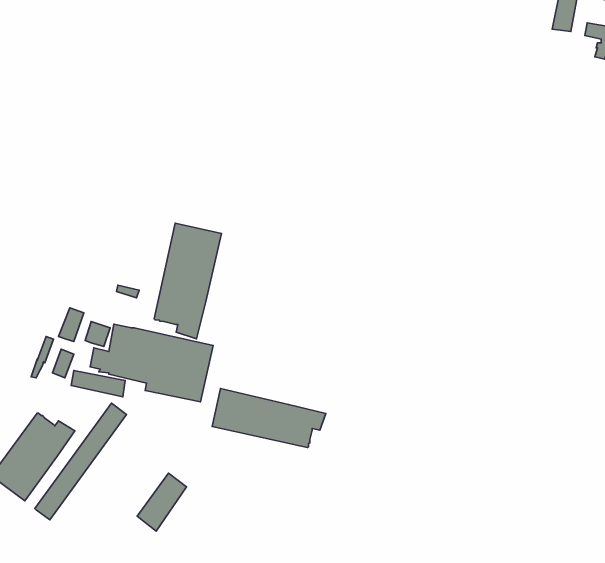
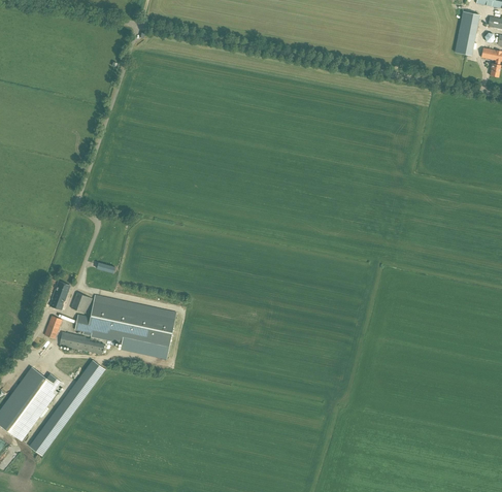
building: [154,223,222,339] -> none
building: [212,389,326,448] -> none
building: [137,473,186,531] -> none

